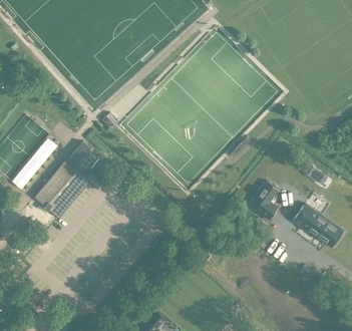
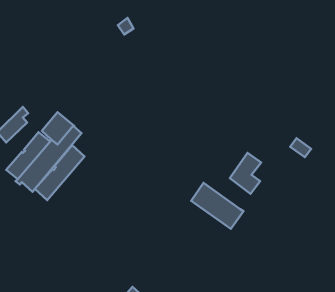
building: none -> [35,145,85,200]
building: [293,203,343,247] -> [191,183,243,229]

